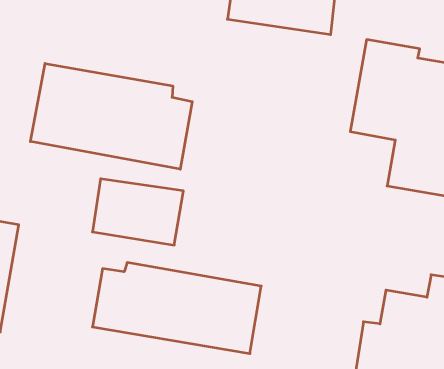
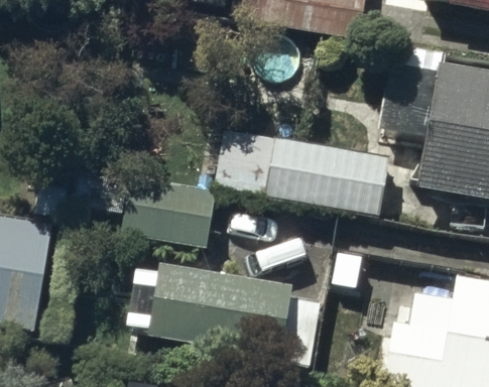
building: [30,63,192,169] -> none
building: none -> [214,128,410,222]

